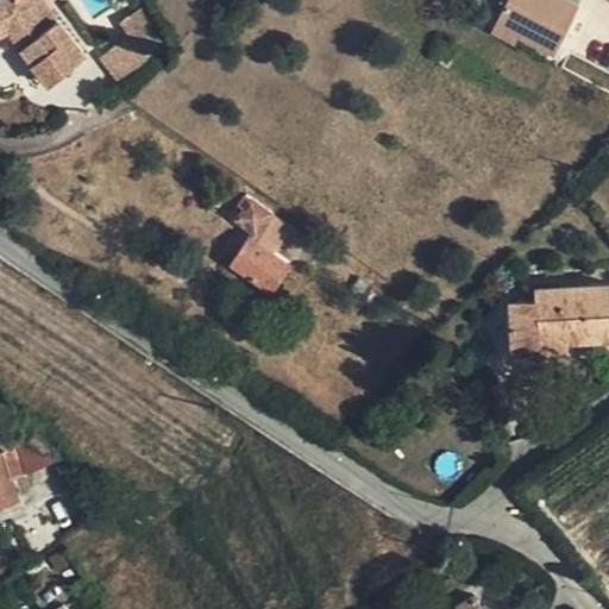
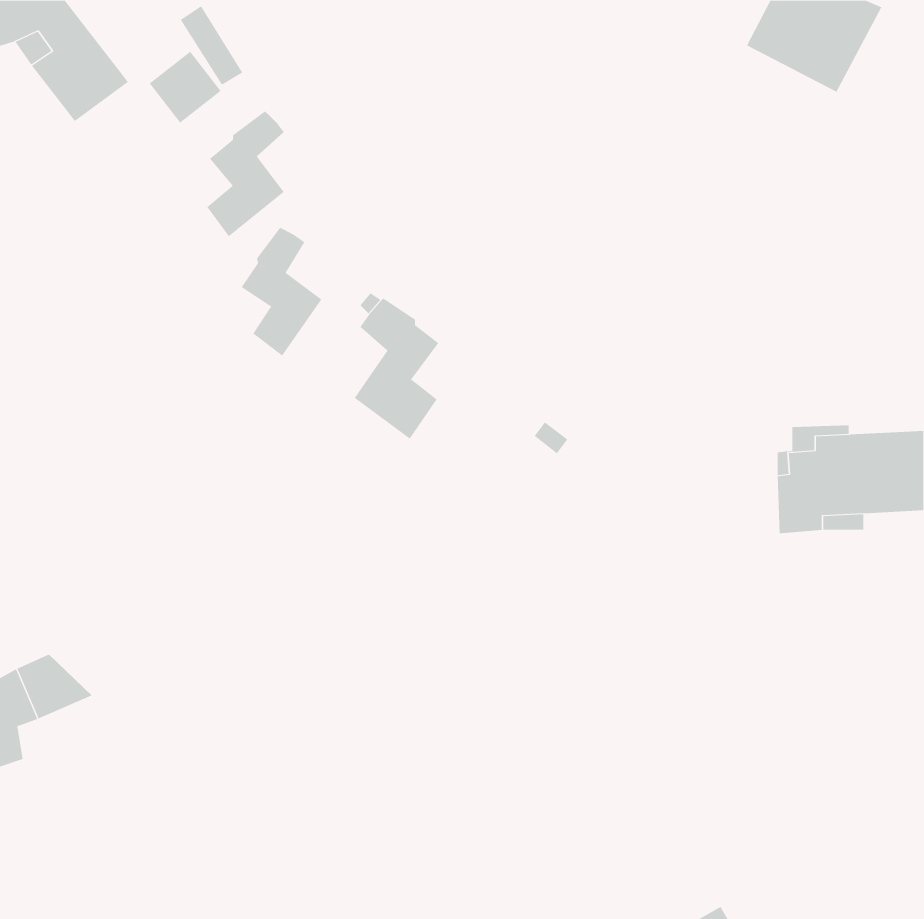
building: none -> [207,111,285,237]
building: none -> [241,227,322,357]

